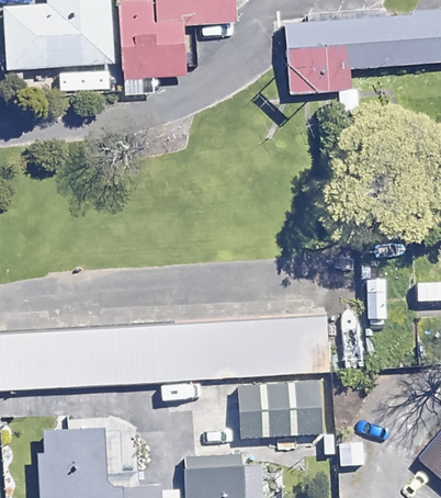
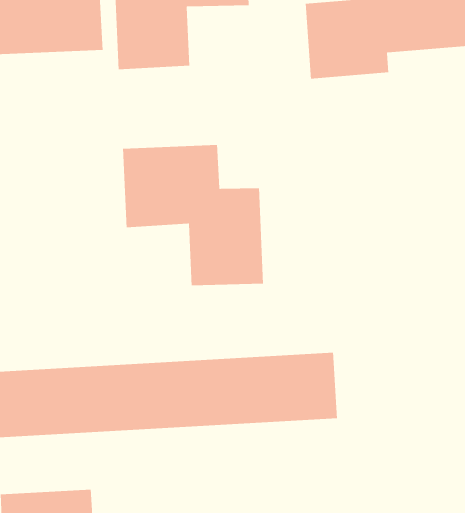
building: none -> [122,144,264,286]
building: [239,384,325,441] -> none

